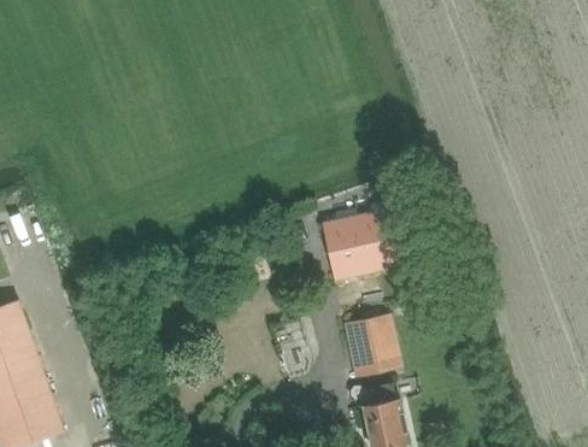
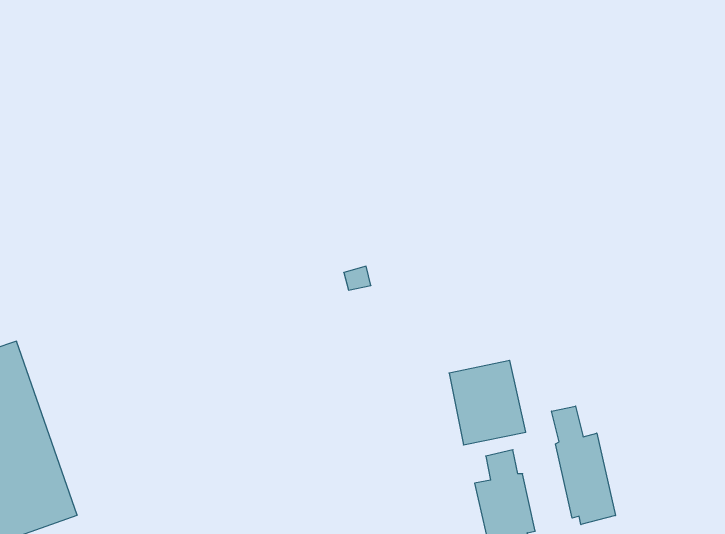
building: [321,207,405,280] -> none
building: none -> [552,406,615,525]

